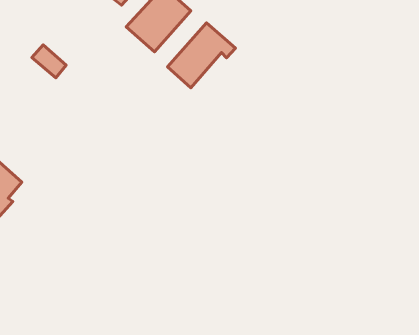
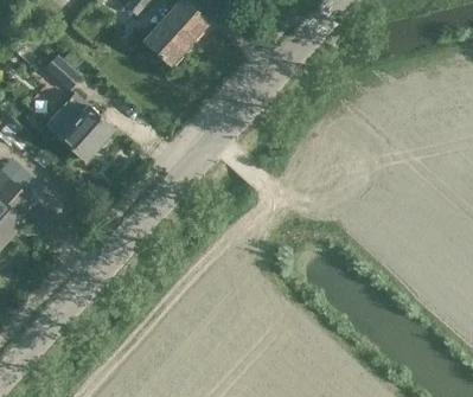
building: [167,23,235,88] -> none
building: none -> [59,94,113,159]

